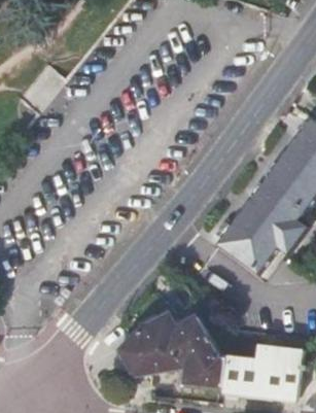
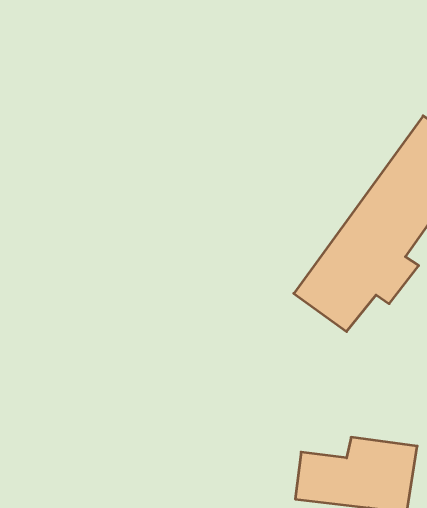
building: [114,312,224,388] -> none

